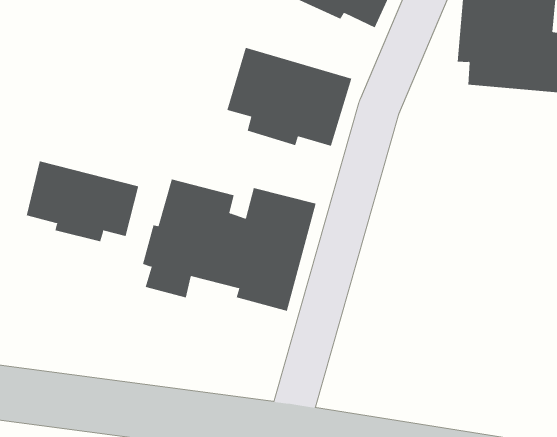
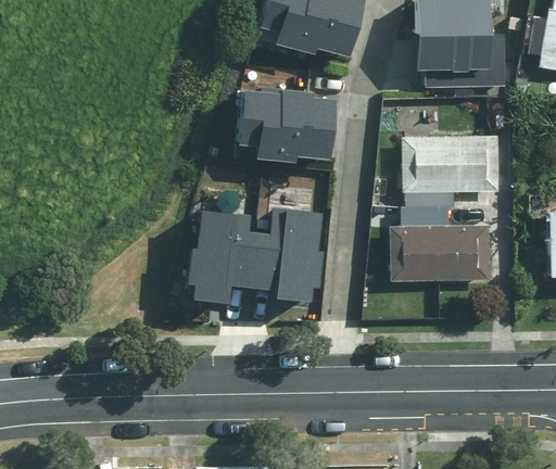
building: none -> [387,139,502,288]
building: [26,160,139,242] -> none

